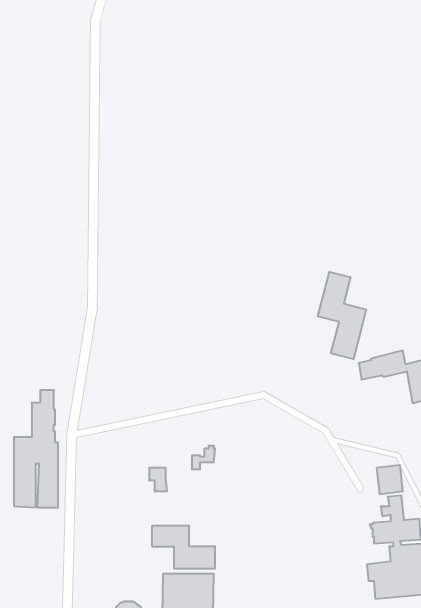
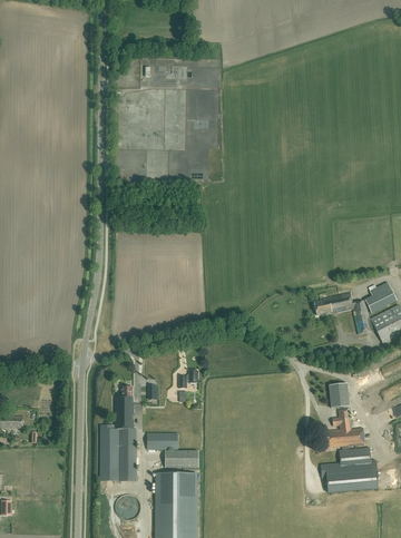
building: [318,272,366,359] -> none
building: [14,390,58,507] -> [100,387,136,481]

